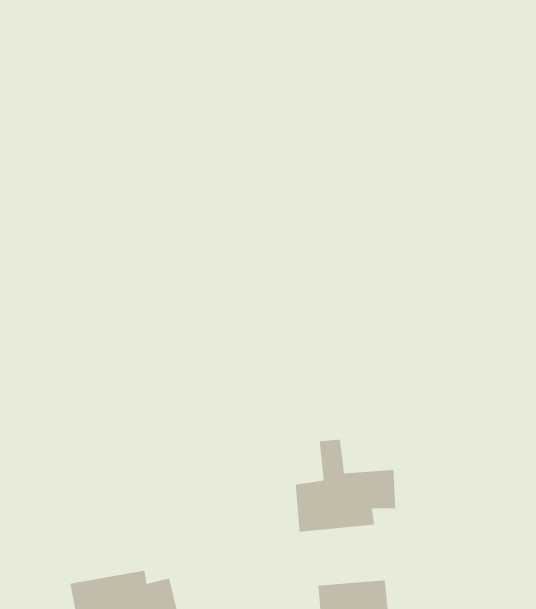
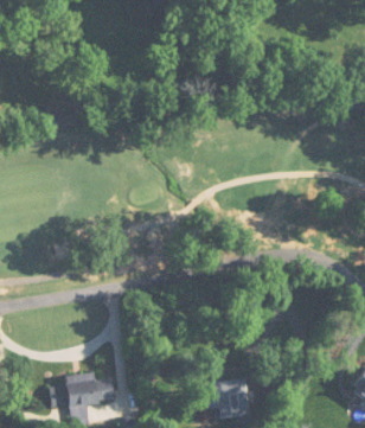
building: [295,439,396,533] -> none

